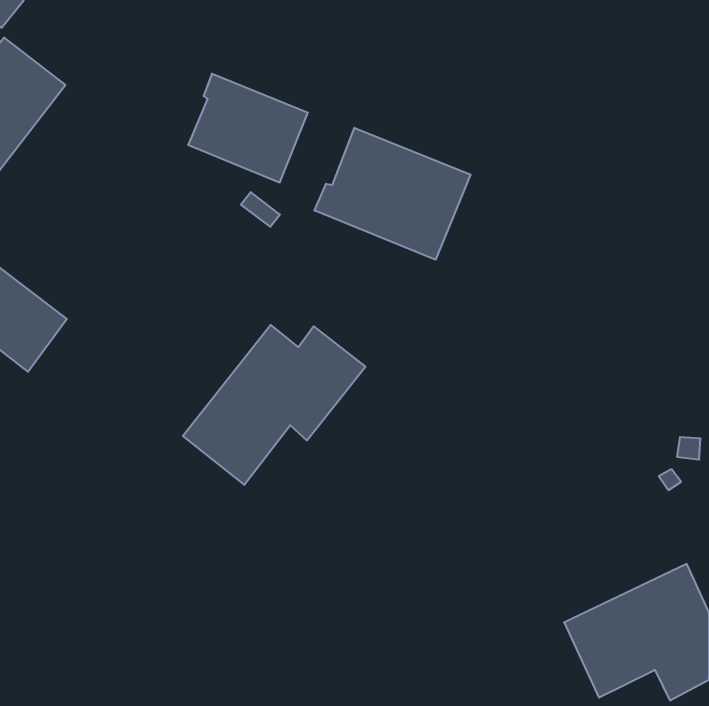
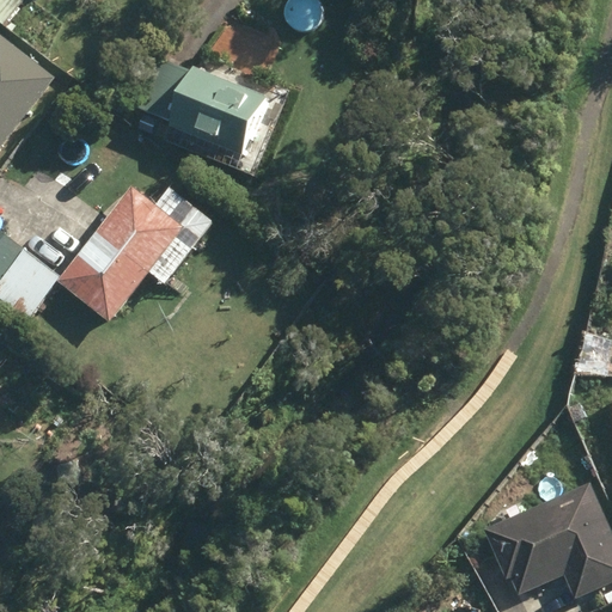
building: [314,128,471,260] -> none
building: [183,325,365,485] -> [54,186,210,324]

